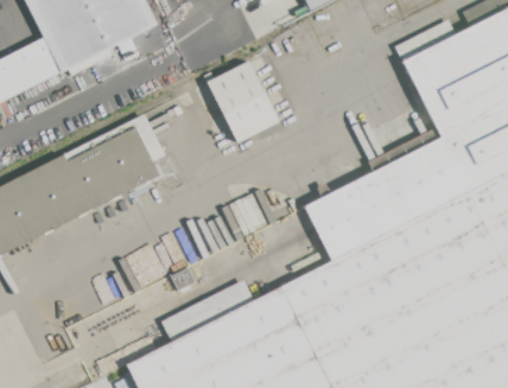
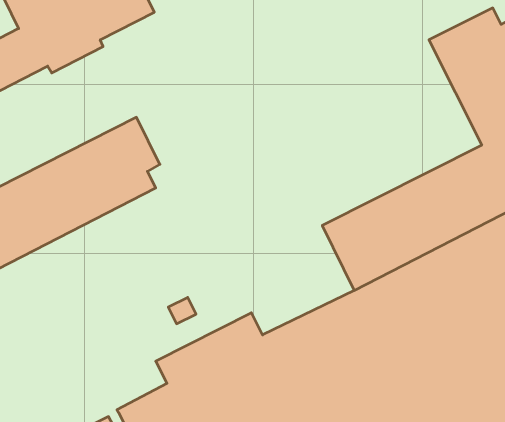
building: [207,62,279,142] -> none

